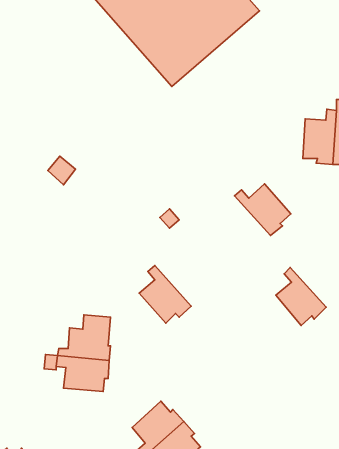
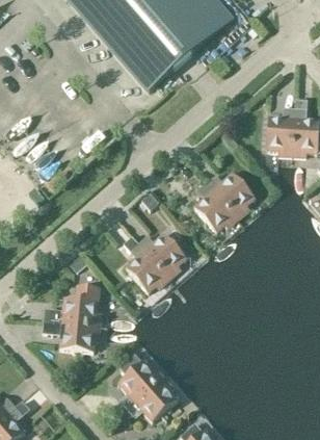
building: none -> [137,232,185,277]
building: [276,268,326,325] -> [193,181,237,231]

